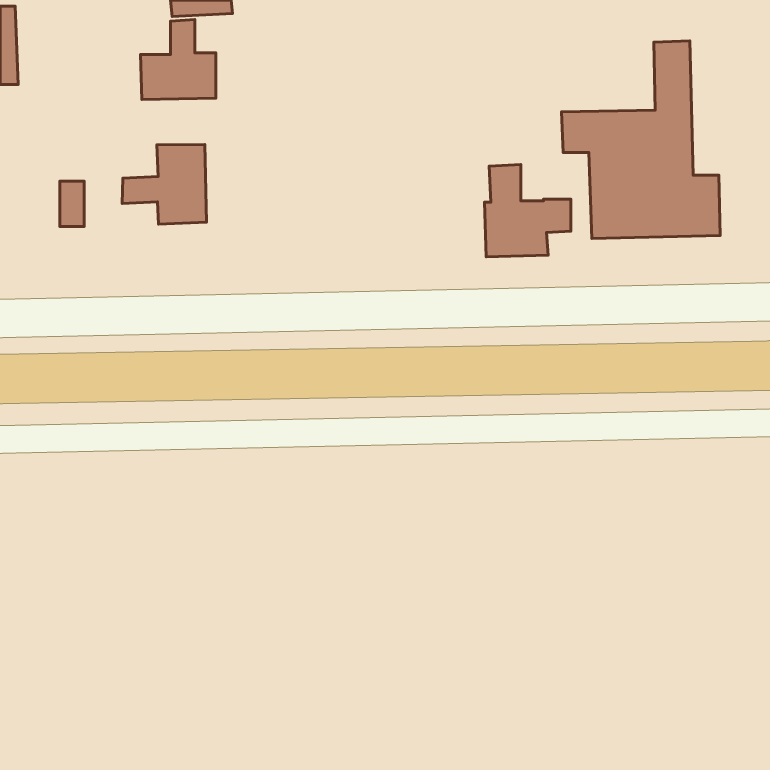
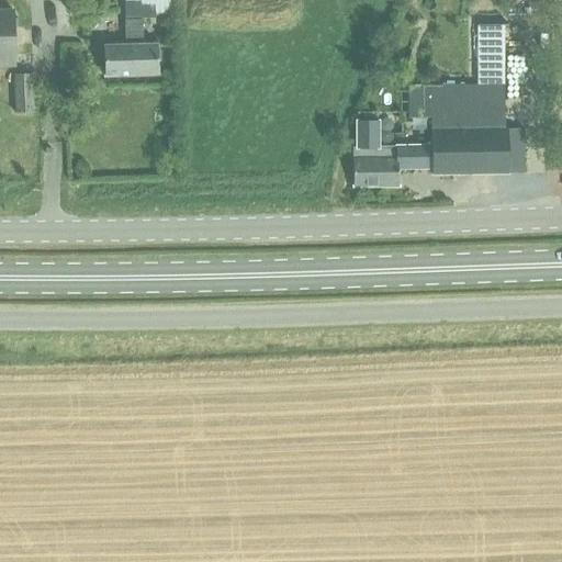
building: [122,145,206,224] -> none
building: [60,181,84,227] -> [15,76,33,109]

